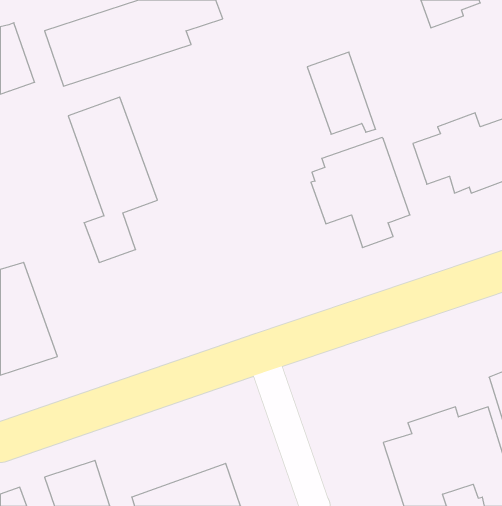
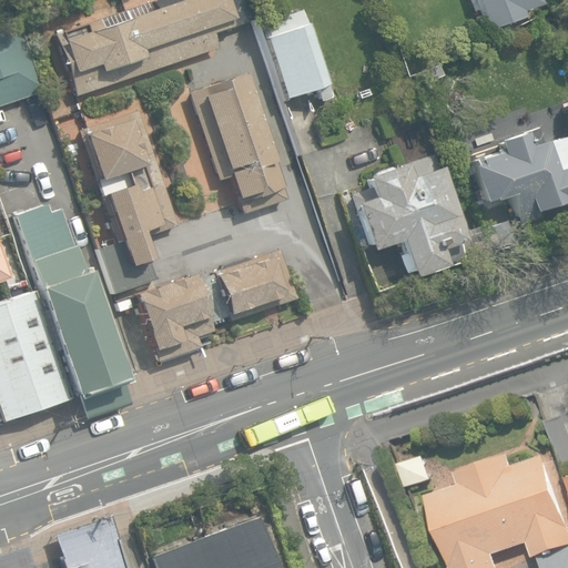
building: [307,52,376,134] -> [257,10,334,102]
building: none -> [190,73,288,215]
building: none -> [13,203,130,420]
building: none -> [133,251,295,365]

